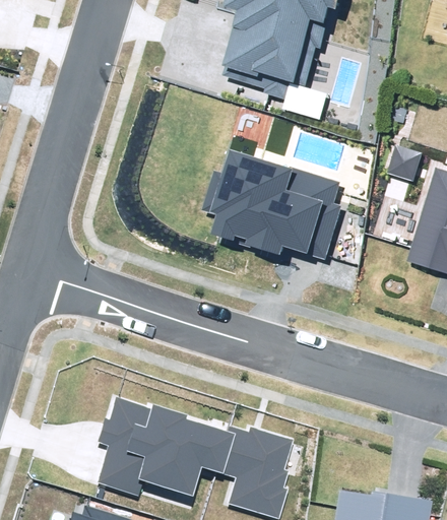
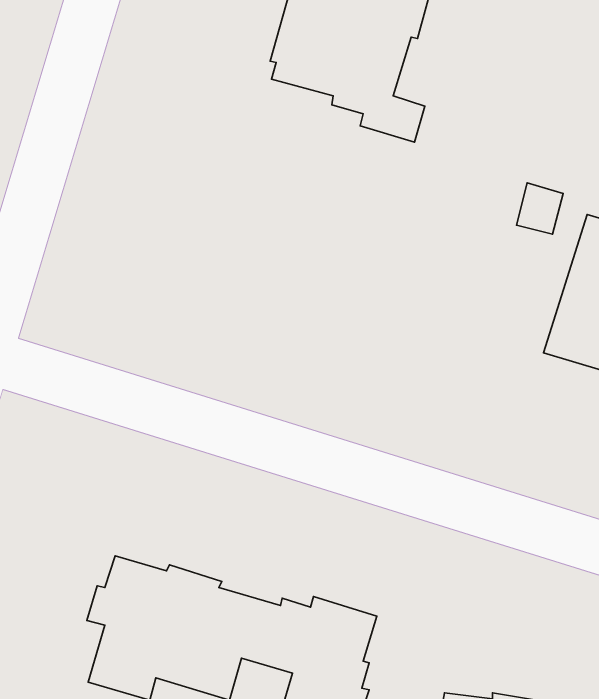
building: [202,149,341,260] -> none

